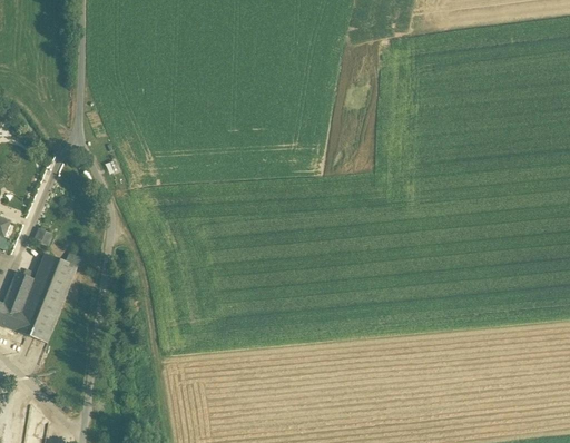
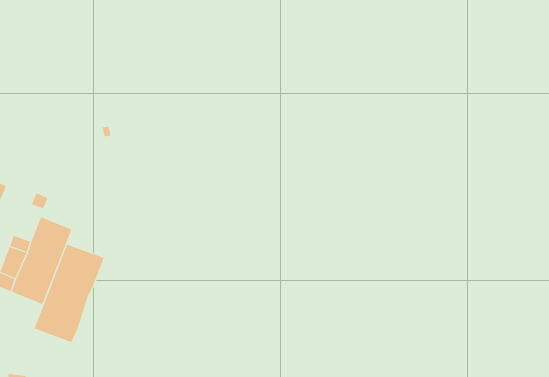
building: none -> [34,244,105,343]

